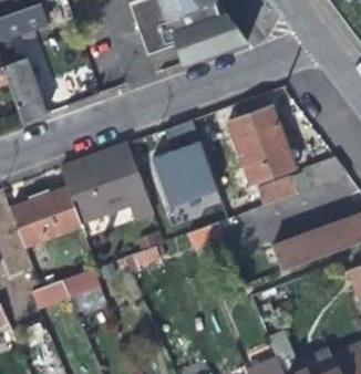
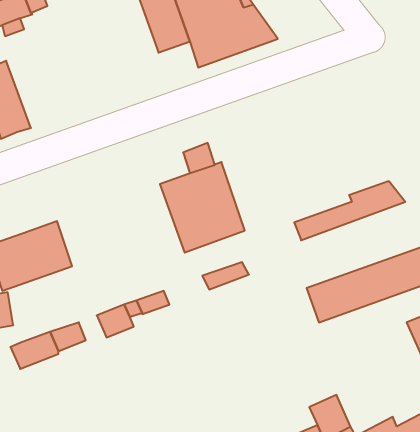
building: [228,106,293,186] -> none
building: [60,144,153,222] -> none

